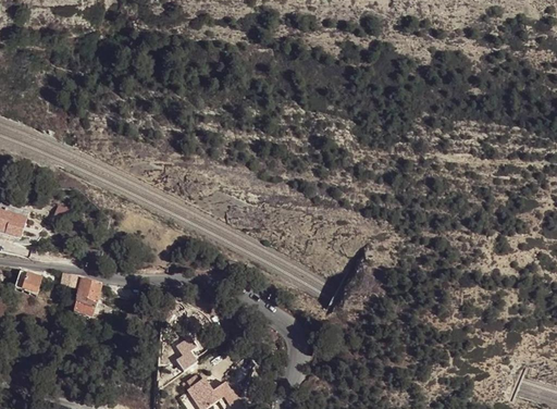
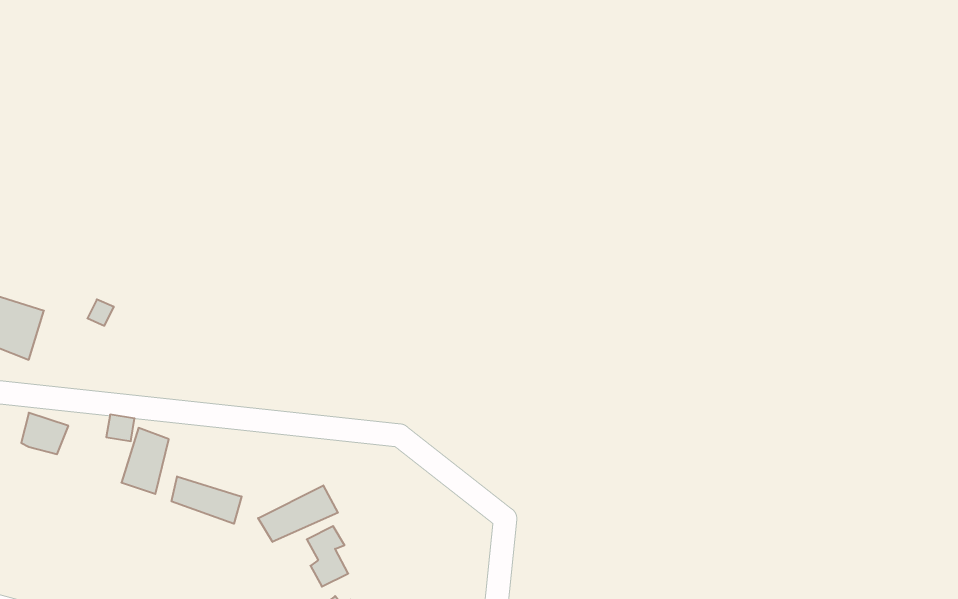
building: none -> [172,476,242,524]
building: none -> [258,485,338,542]

